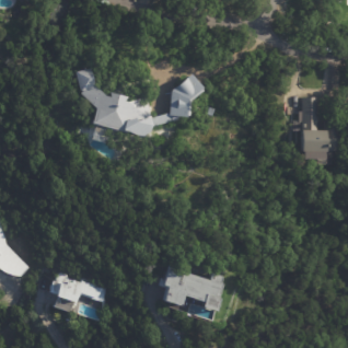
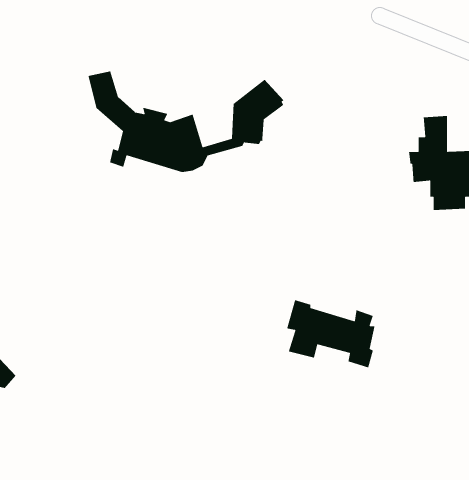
building: [163,265,222,311] -> [286,299,376,368]
building: [49,270,107,312] -> none

